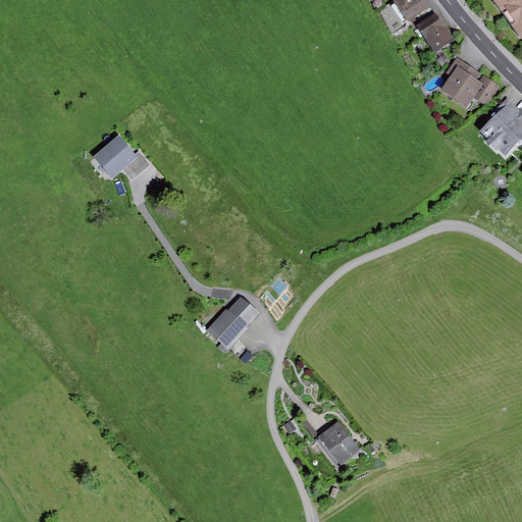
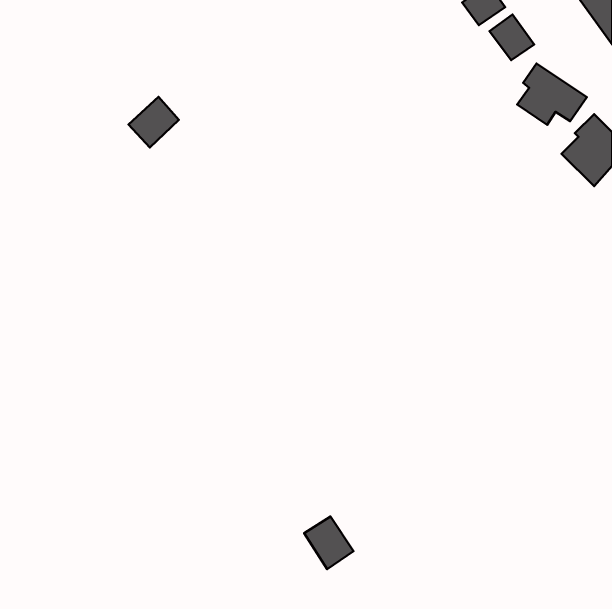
building: [93,136,136,178] -> [128,97,179,147]
building: [209,300,257,350] -> none
building: [318,421,360,466] -> [304,516,353,569]

